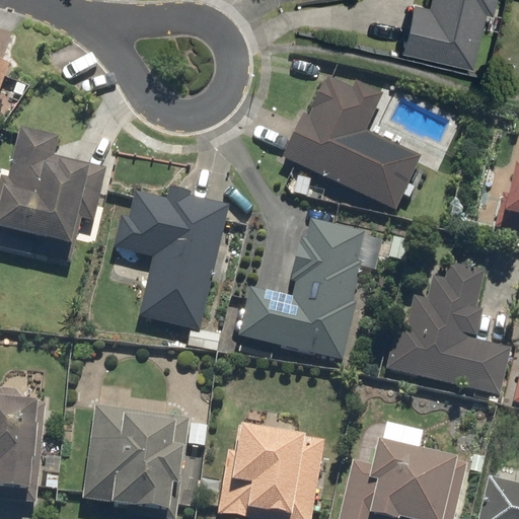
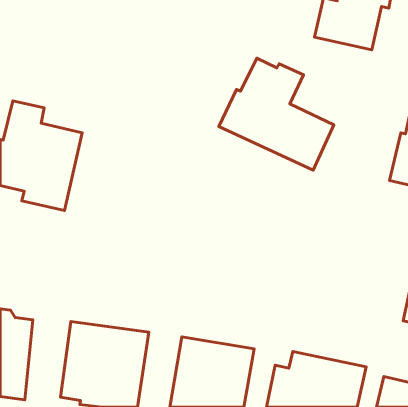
building: [114,187,226,330] -> none
building: [237,218,383,361] -> none
building: [385,263,513,397] -> none

